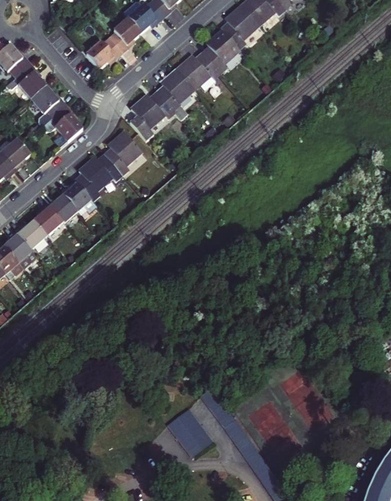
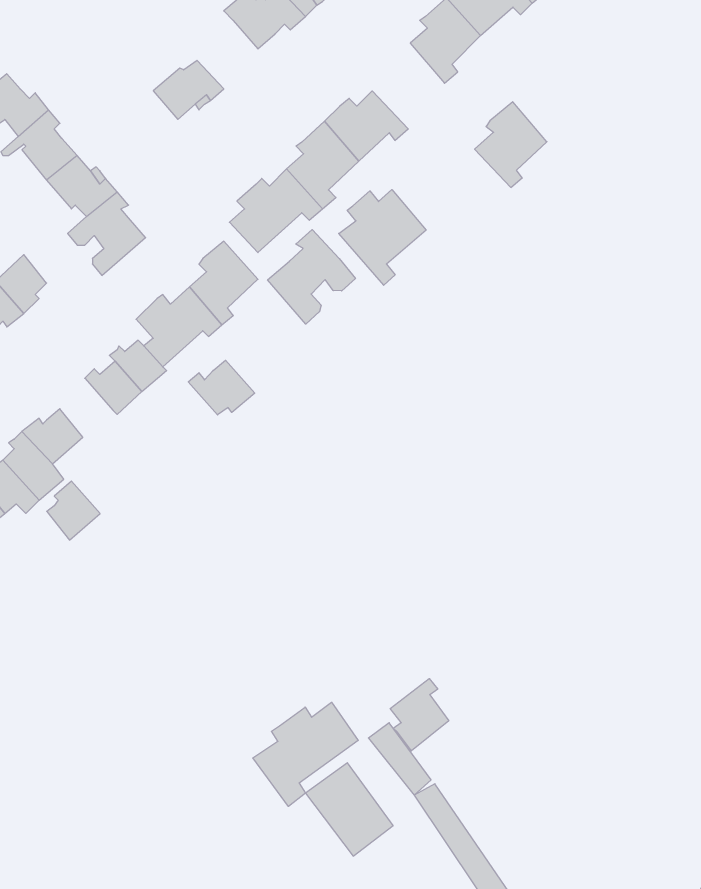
building: [109,15,141,51] -> none
building: [201,27,239,72] -> [475,102,547,187]
building: none -> [339,190,426,285]
building: none -> [268,230,355,324]
building: none -> [188,360,255,415]
building: [37,203,65,234] -> [47,481,100,540]
building: none -> [390,679,449,751]
building: none -> [253,702,358,806]

